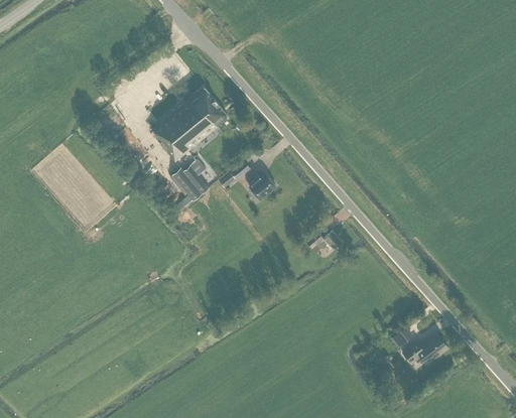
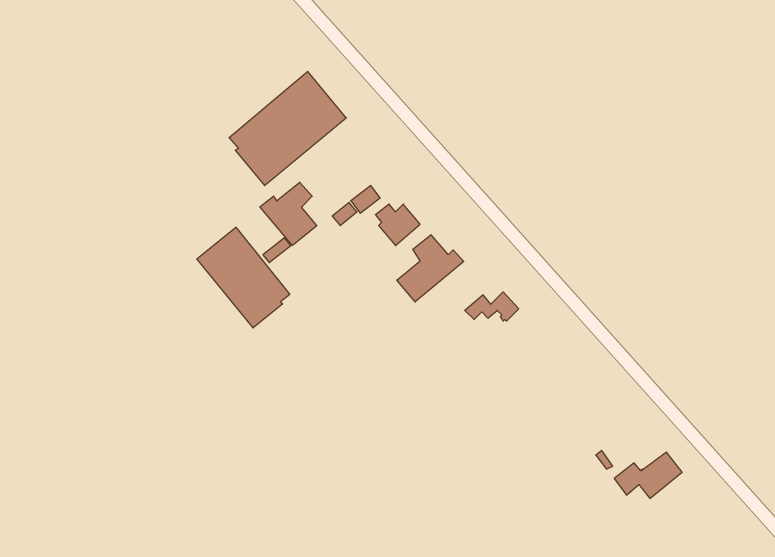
building: none -> [197,227,290,328]
building: none -> [397,235,464,302]

